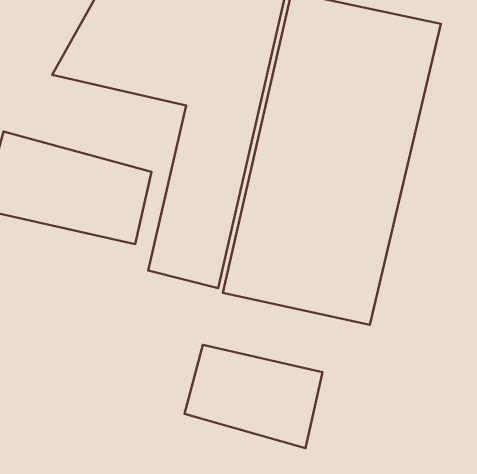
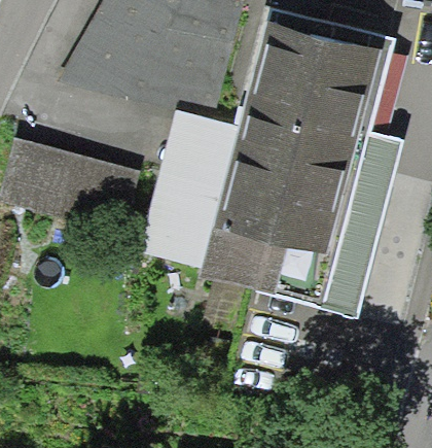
building: [185,345,323,448] -> none

